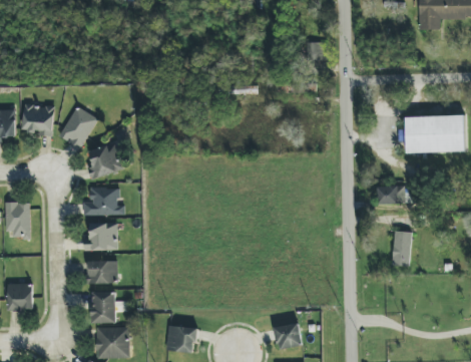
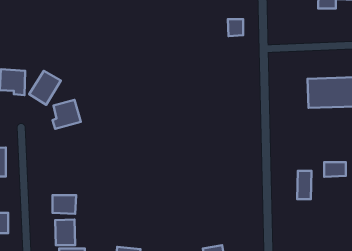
building: [378,186,405,204] -> [324,162,346,177]
building: [84,188,124,215] -> none
building: [84,223,118,251] -> none

